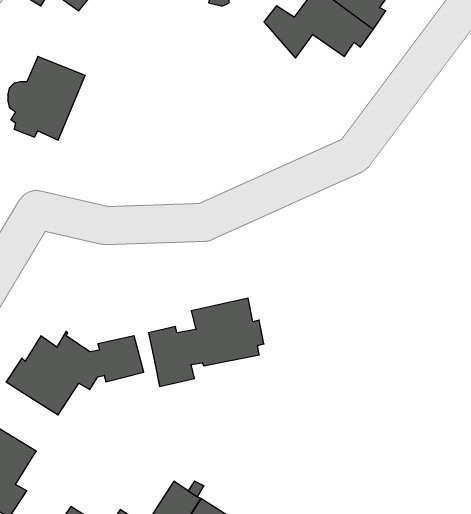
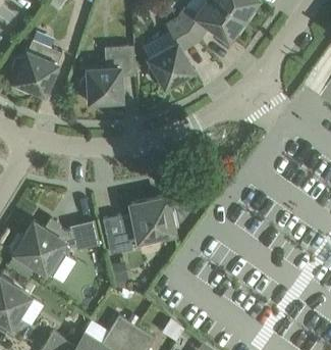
building: none -> [148,18,198,90]
building: none -> [79,46,135,106]

